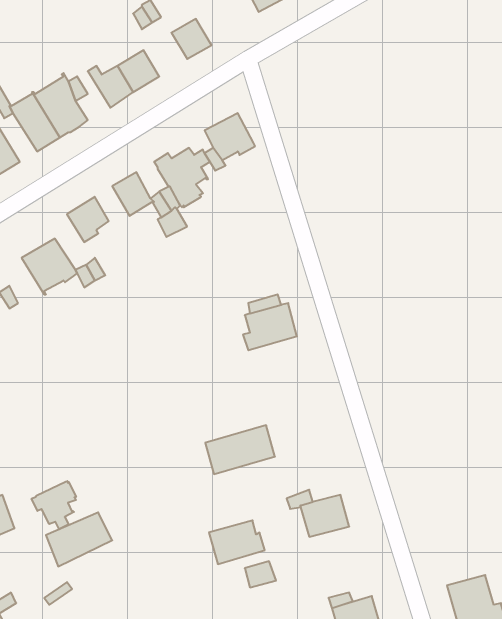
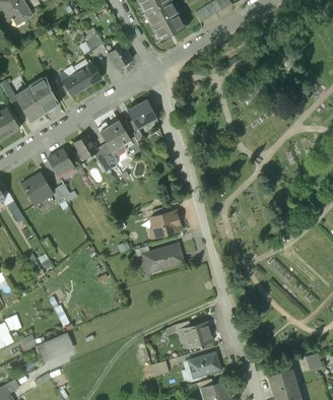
building: [205,425,275,474] -> [142,244,183,272]
building: [32,481,76,529] -> none
building: [209,520,265,564] -> [188,352,220,378]

